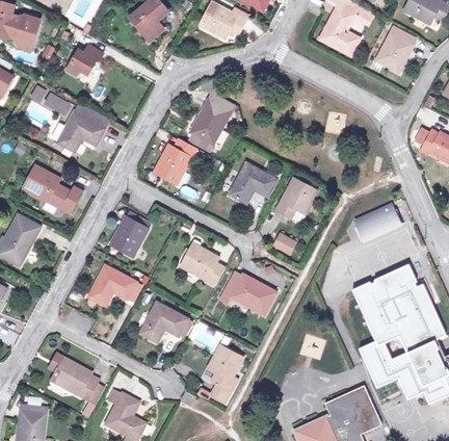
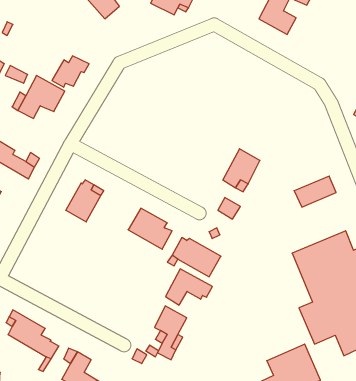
building: [375,27,412,73] -> none
building: [65,43,105,76] -> [52,56,89,87]
building: [193,96,234,146] -> none
building: [155,140,197,185] -> none
building: [230,162,276,202] -> none
building: [87,267,138,305] -> none
building: [139,302,189,340] -> [166,269,212,305]

